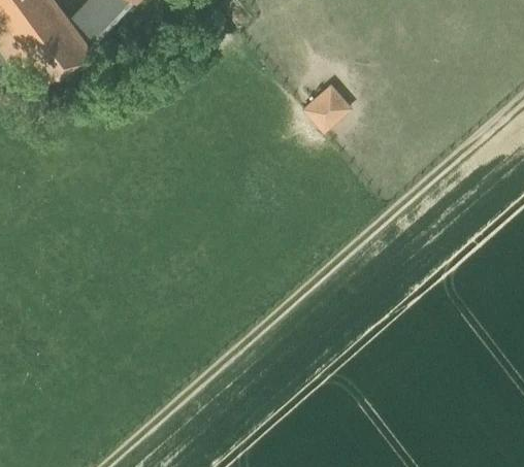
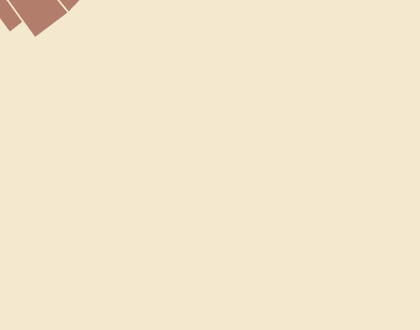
building: [300,80,352,131] -> none

